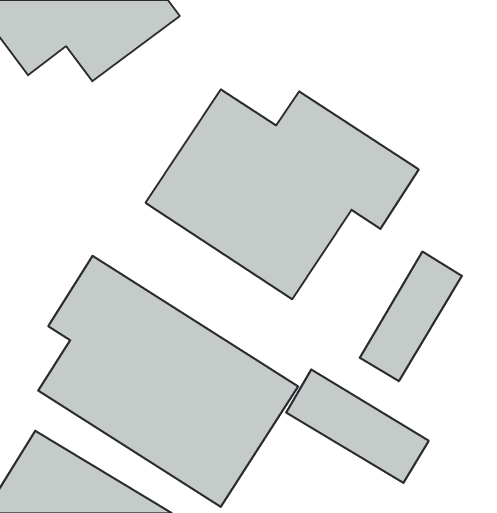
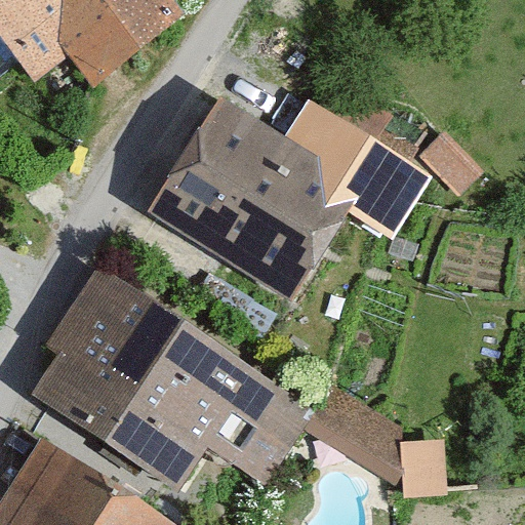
building: [360,252,462,381] -> none

